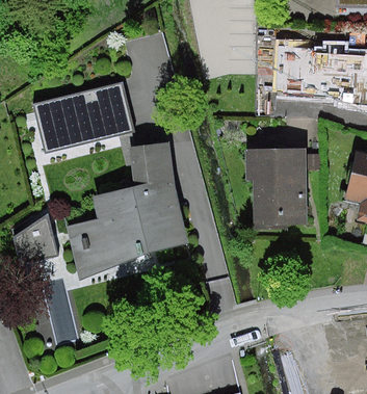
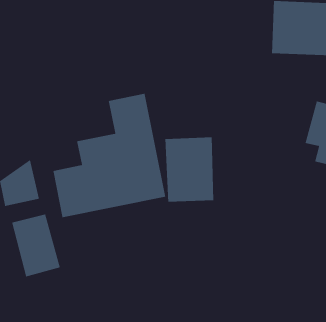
building: [32,80,134,152] -> none
building: [247,148,302,219] -> [165,137,214,203]

